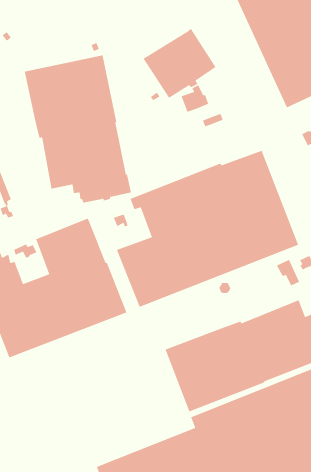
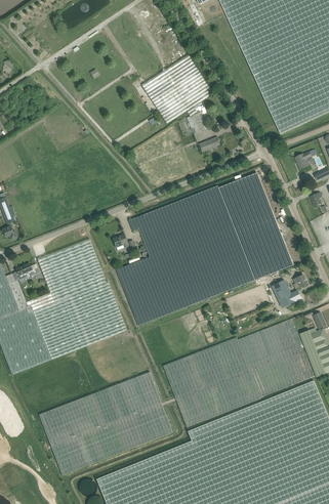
building: [24,54,132,203] -> none
building: none -> [39,372,173,475]

